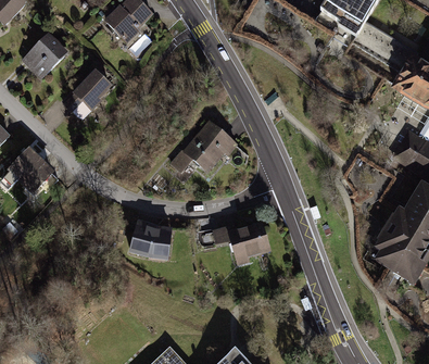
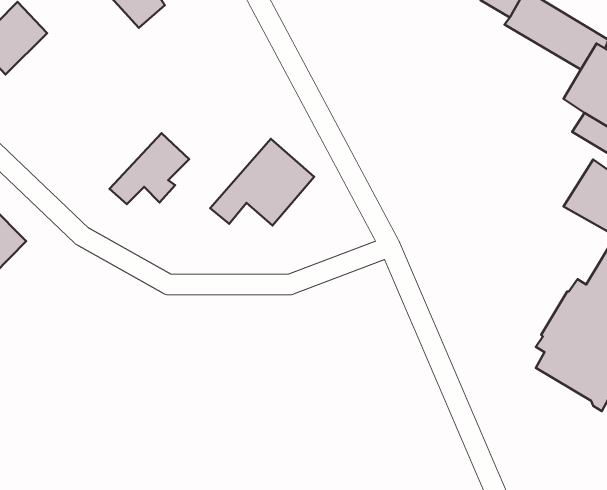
building: [62,65,112,110] -> [109,133,189,204]
building: [212,219,272,266] -> none
building: [131,224,172,260] -> none

